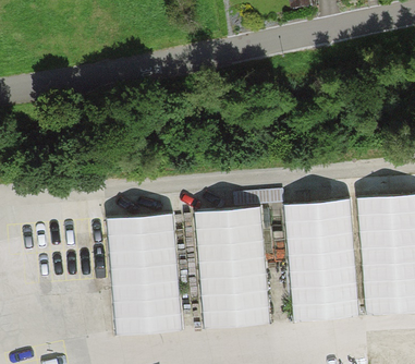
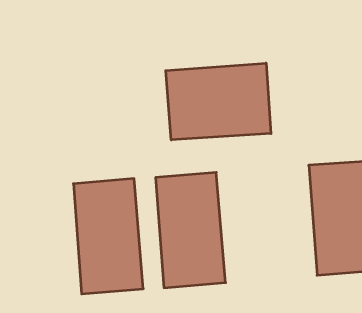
building: none -> [166,63,271,140]
building: [284,203,358,324] -> none

